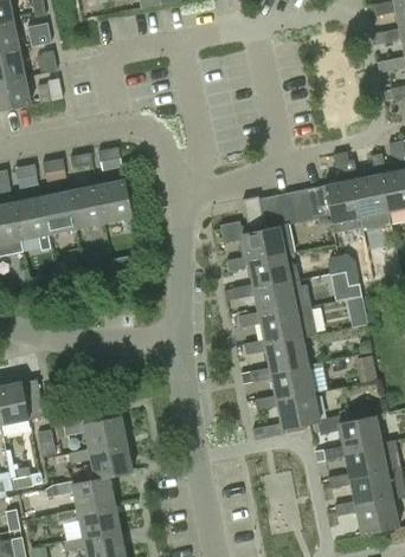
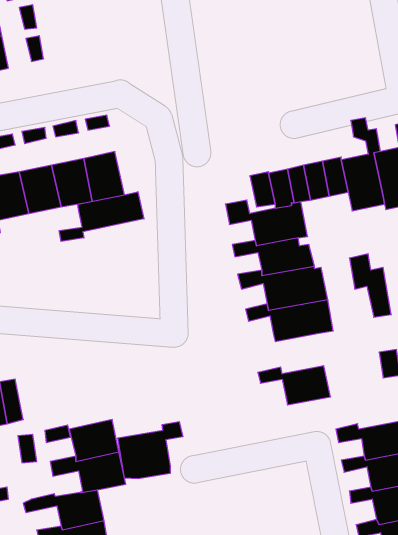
building: none -> [59,192,144,241]
building: [245,339,308,375] -> none
building: [256,395,319,439] -> none
building: none -> [118,422,183,479]

